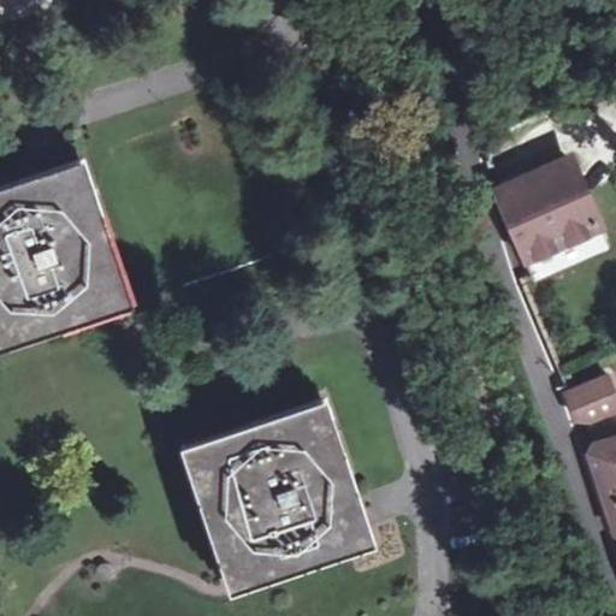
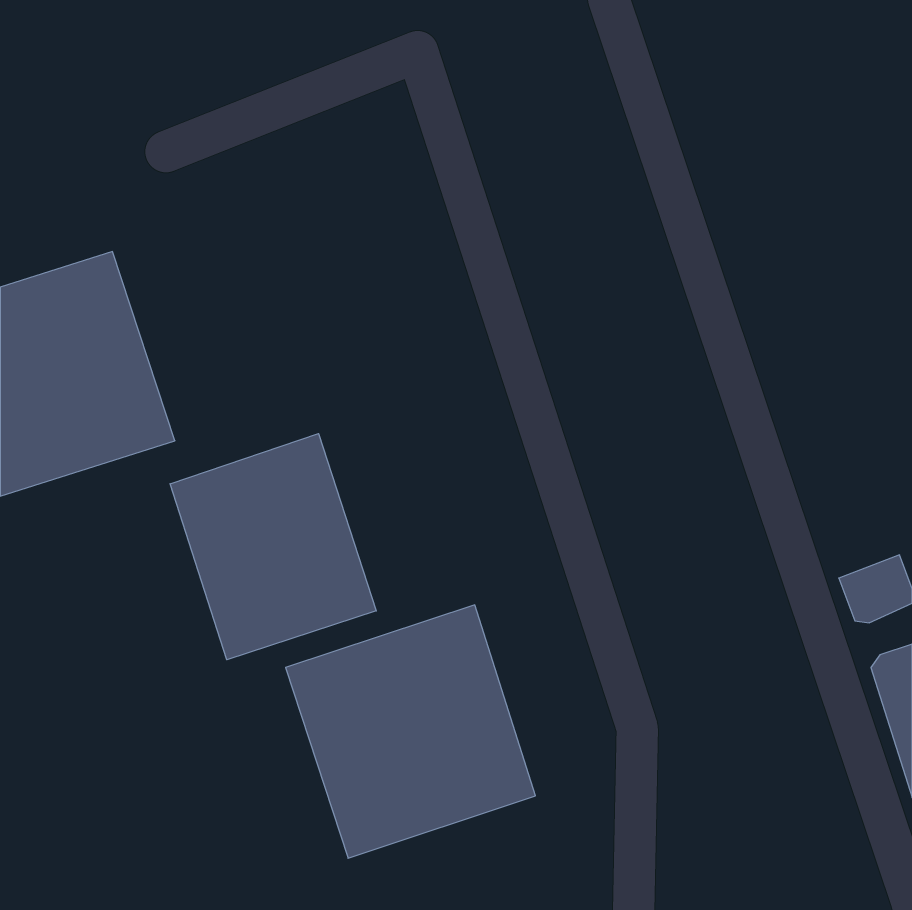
building: [493,155,600,256] -> none
building: none -> [170,434,376,660]

